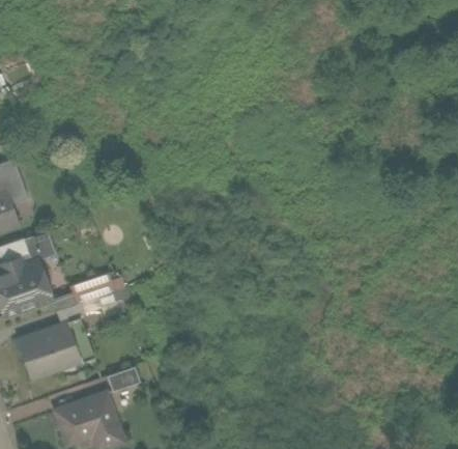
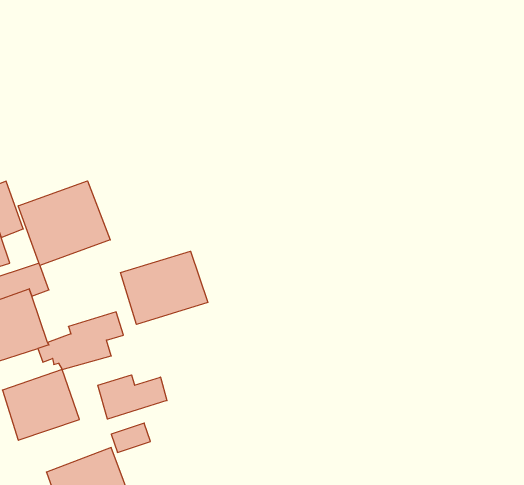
building: none -> [18,181,110,265]
building: none -> [121,251,208,324]
building: none -> [98,375,167,419]

